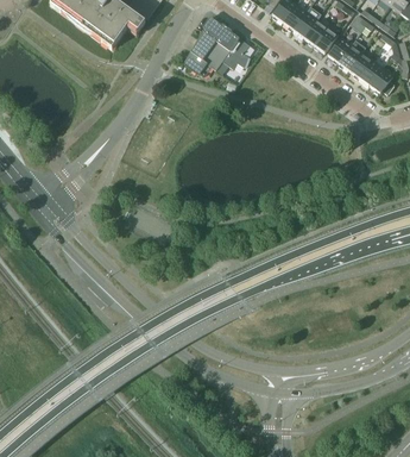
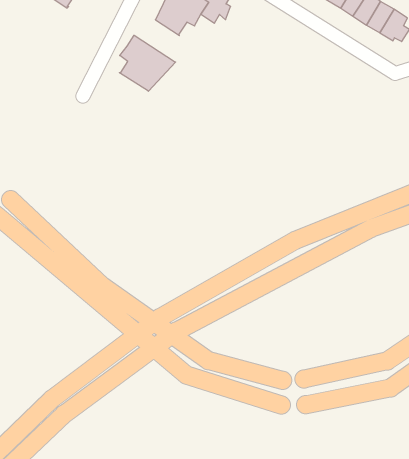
building: none -> [119,35,176,91]

